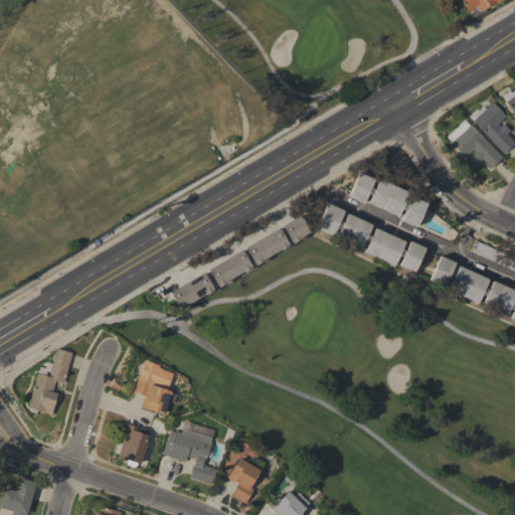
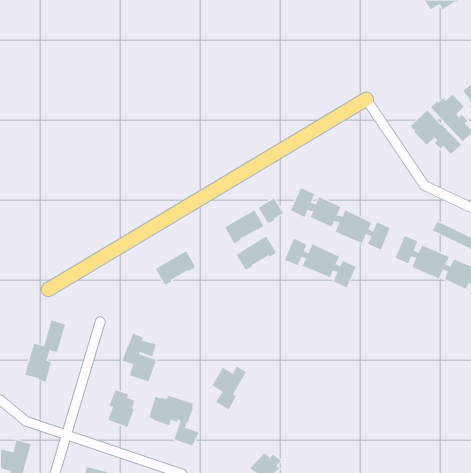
building: [350,173,428,227] -> [284,238,356,288]
building: [209,249,253,288] -> [236,235,277,271]
building: [228,457,267,505] -> [212,366,247,410]

